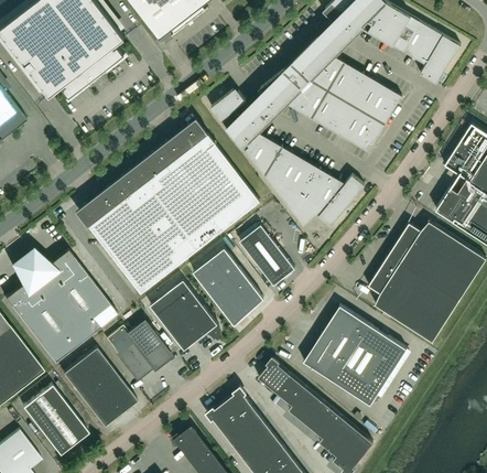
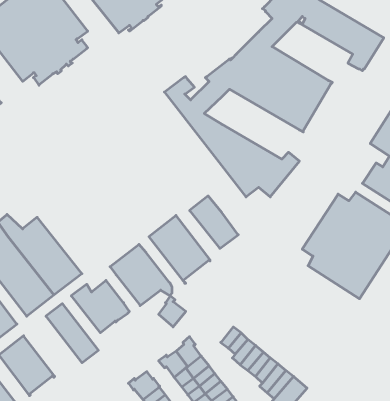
building: [75,118,259,293] -> none
building: [303,305,405,405] -> none
building: [258,356,289,391] -> [159,296,186,327]
building: [62,362,117,426] -> none

